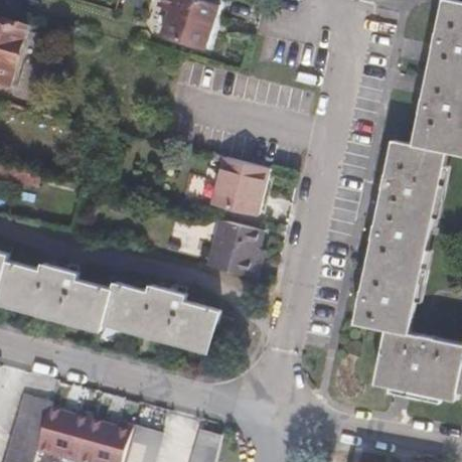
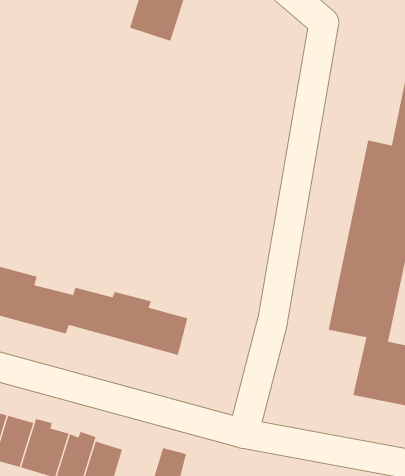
building: [212,162,266,219] -> none
building: [207,221,261,280] -> none

